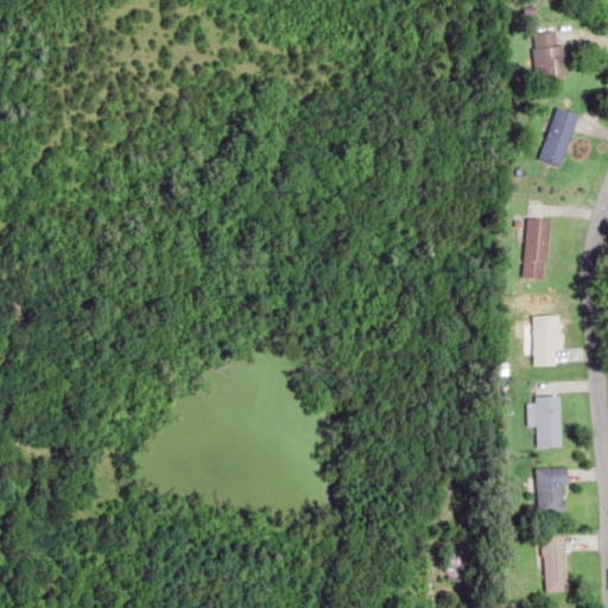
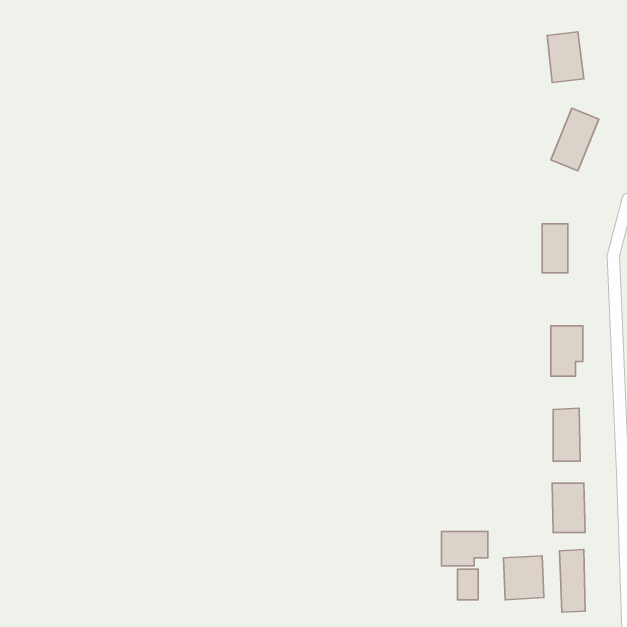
building: none -> [441,532,488,566]
building: none -> [504,556,544,600]

